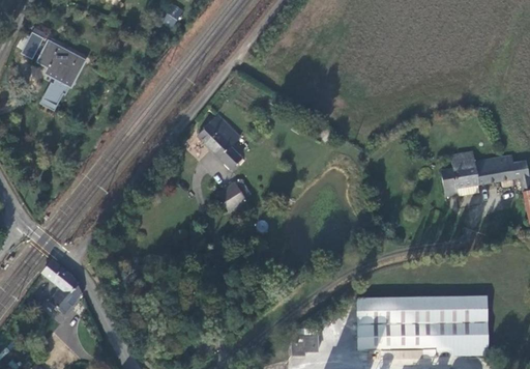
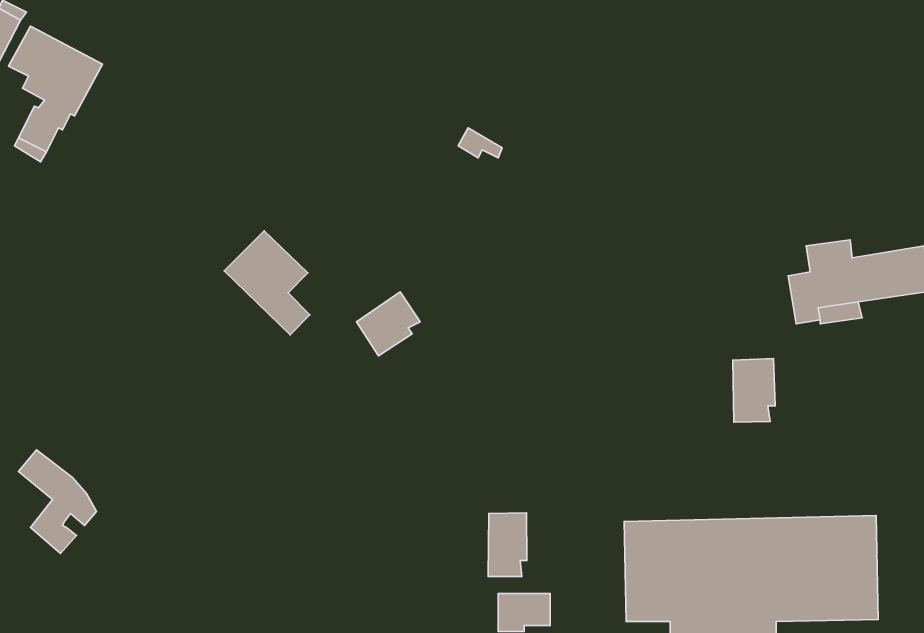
building: [197,114,241,168] -> [224,231,310,335]
building: none -> [733,359,775,422]
building: none -> [488,513,527,576]

